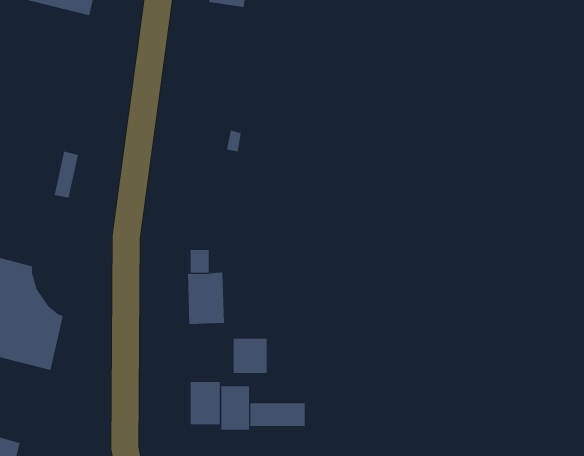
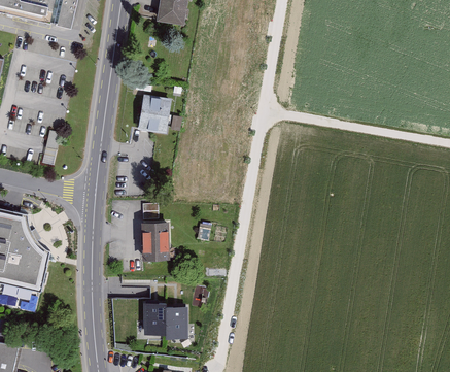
building: none -> [138,94,171,133]
building: [233,338,267,374] -> none
building: [250,402,305,427] -> none

